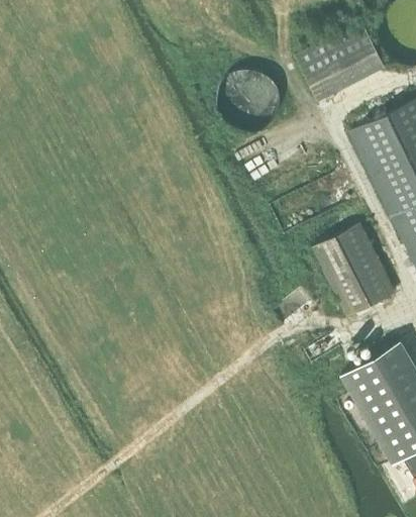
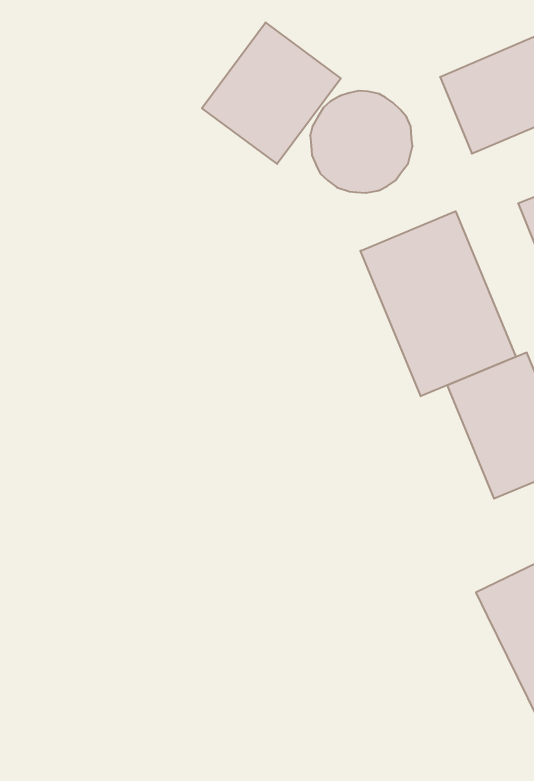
building: none -> [202,22,341,164]
building: none -> [360,211,516,396]

